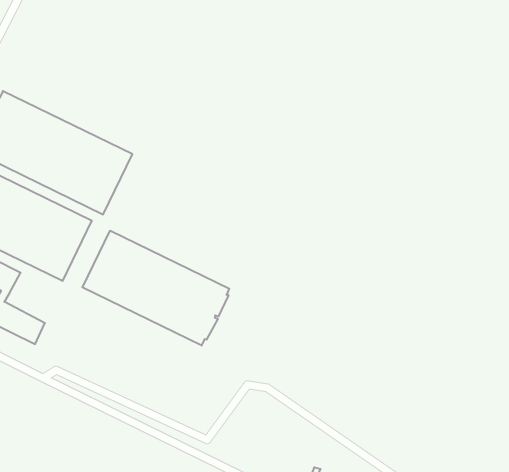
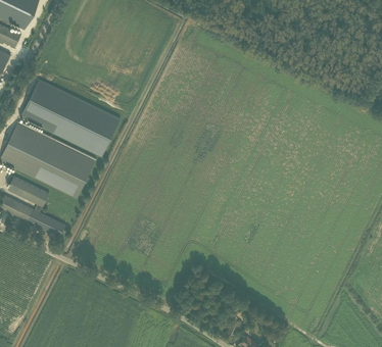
building: [82,231,229,346] -> none

